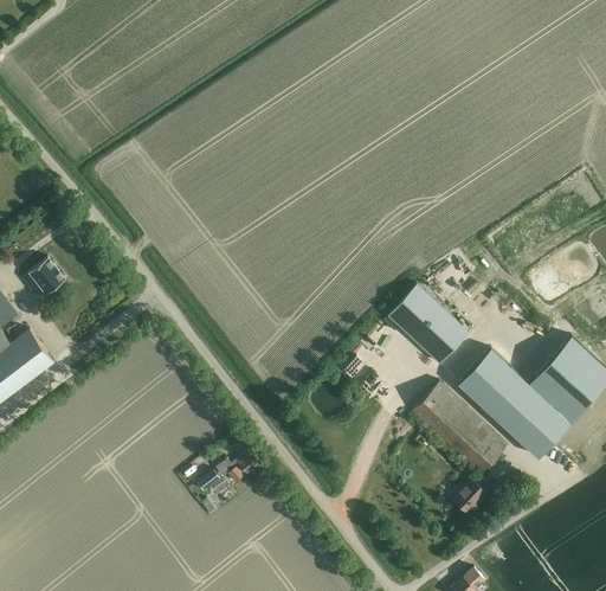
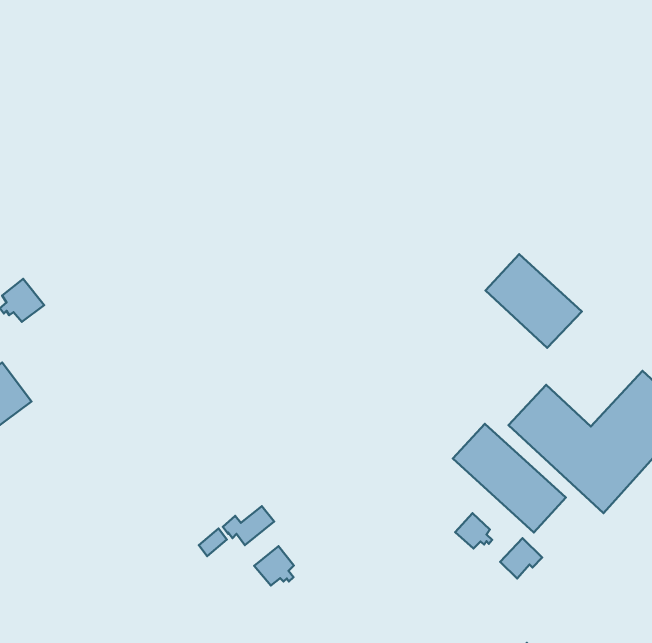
building: [387,284,469,364] -> [486,254,582,348]
building: none -> [455,513,492,549]
building: none -> [254,546,294,585]

